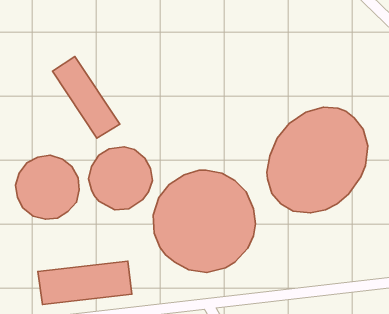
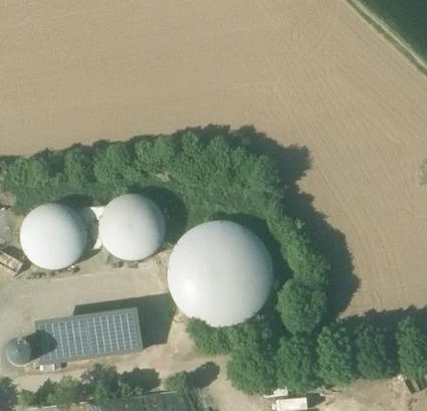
building: [52,56,120,138] -> none
building: [267,107,368,213] -> none

